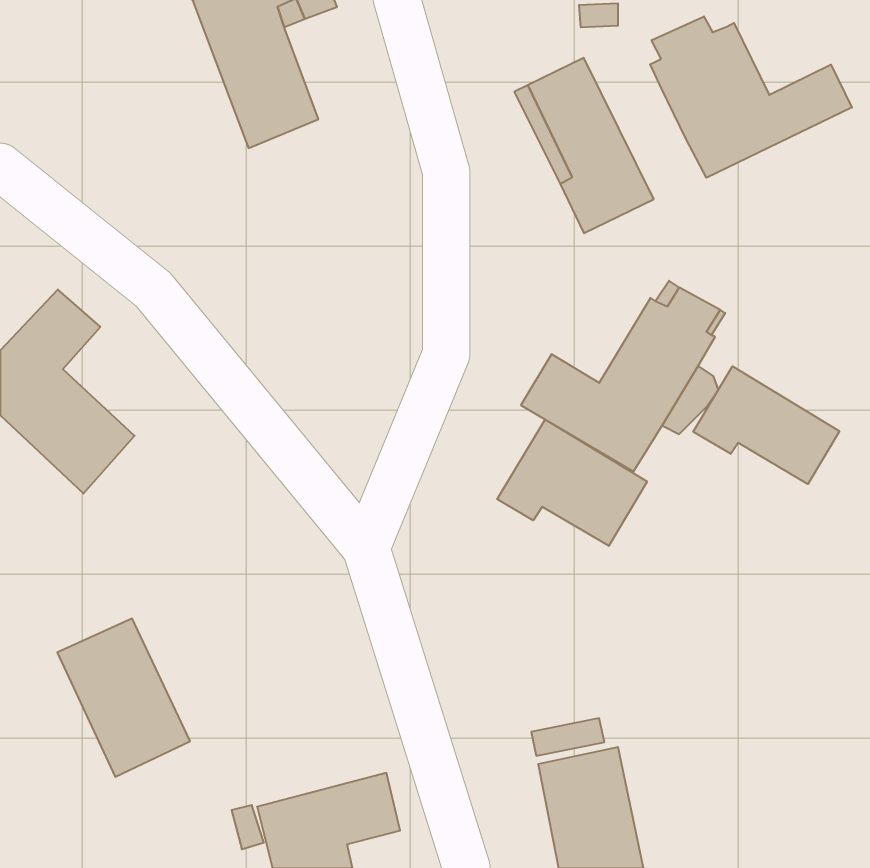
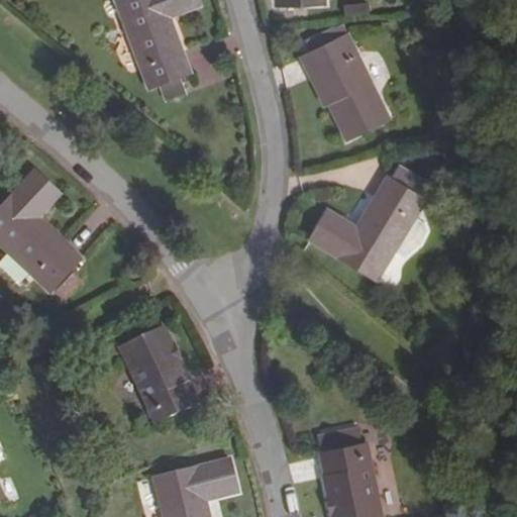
building: [650,16,852,178] -> none
building: [693,366,839,484] -> none
building: [497,419,647,546] -> none
building: [57,619,190,777] -> [120,328,199,422]

